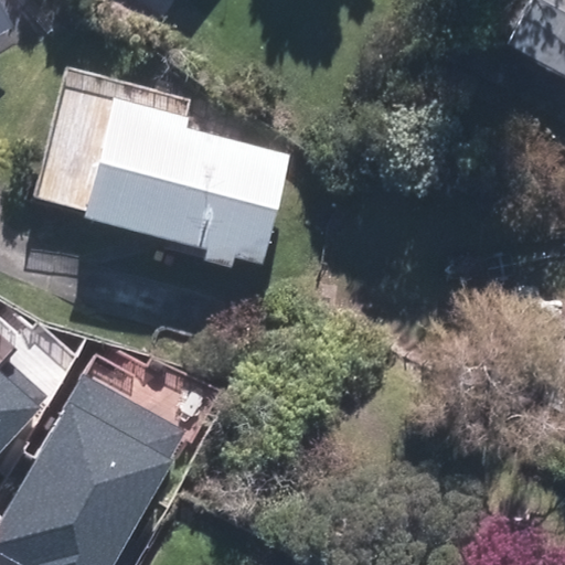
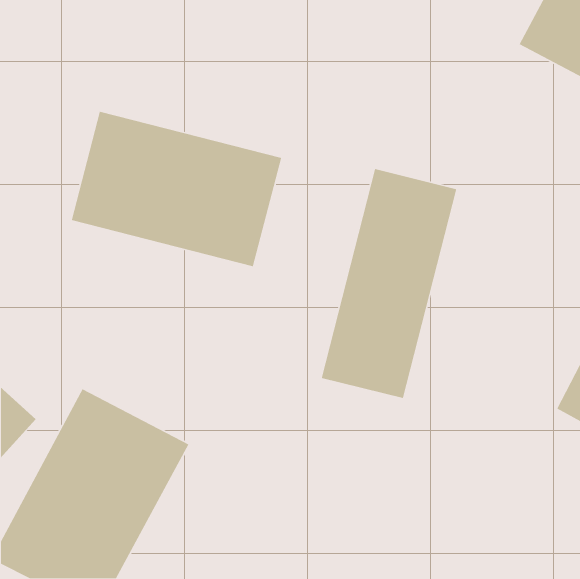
building: none -> [321,168,457,399]

